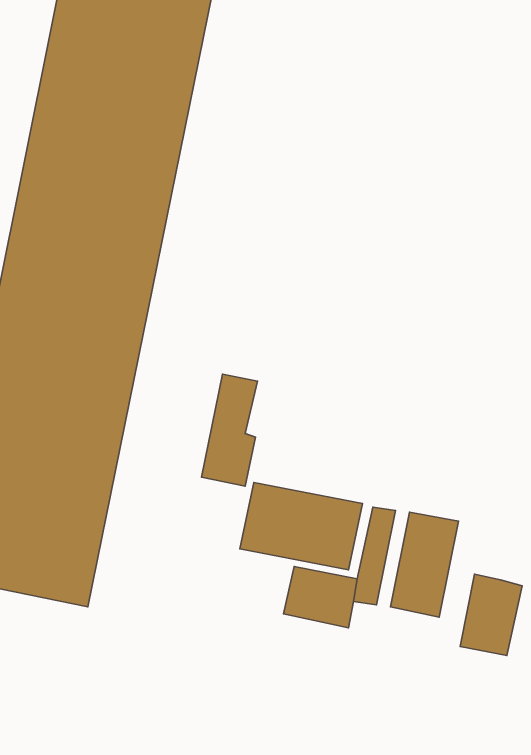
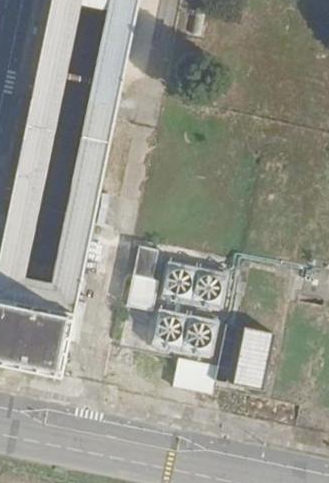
building: none -> [160,256,228,308]
building: [460,574,522,656] -> none

